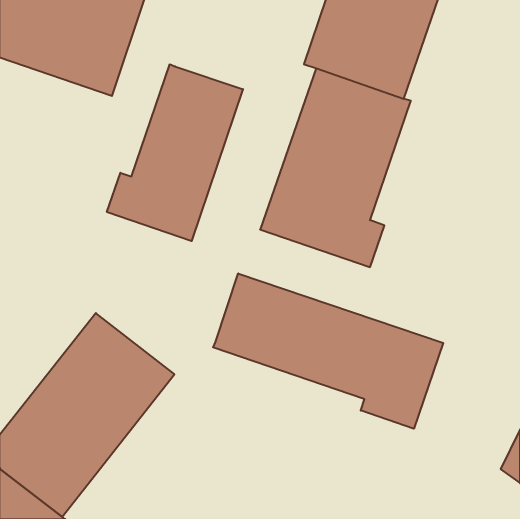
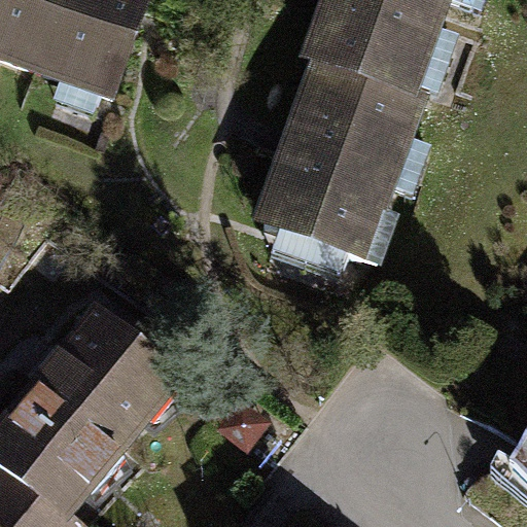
building: [107,64,243,241] -> none
building: [213,273,443,429] -> none

